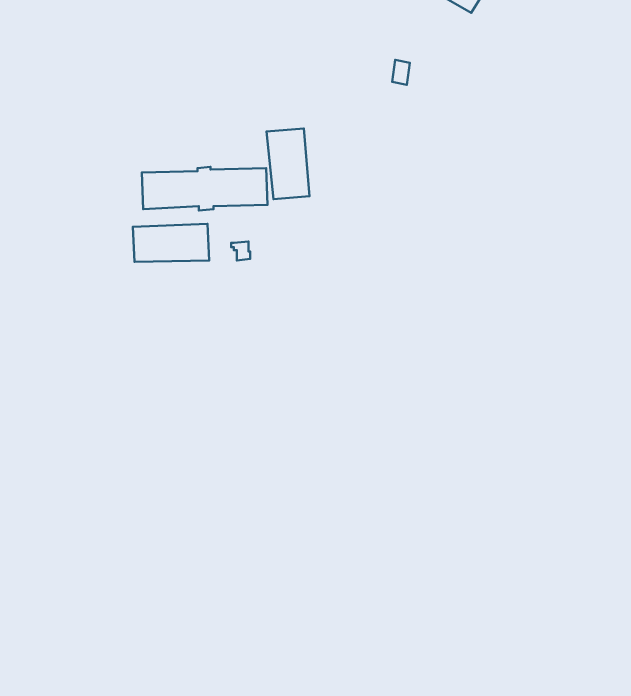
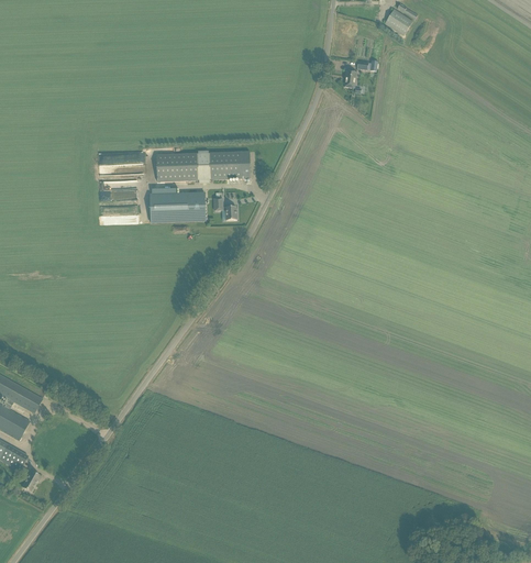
building: [266,128,310,199] -> none

